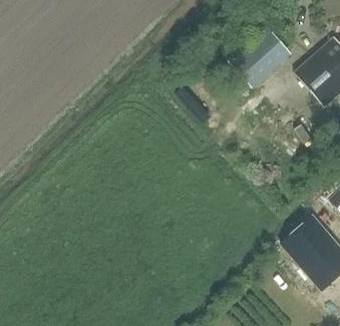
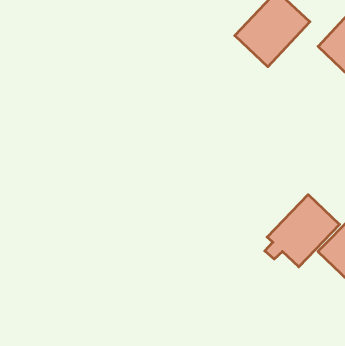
building: none -> [265,195,340,267]

